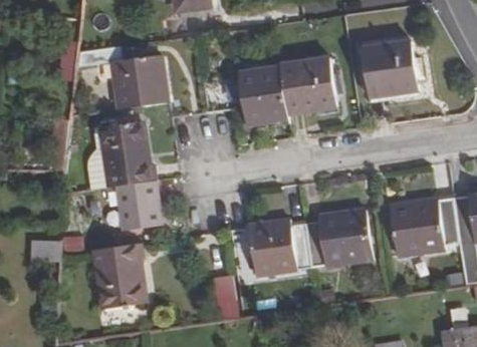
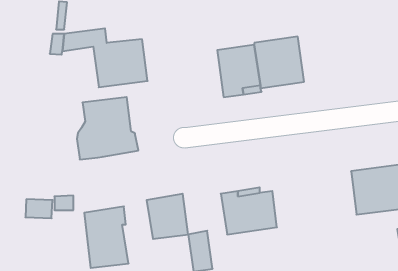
building: [363,43,421,99] -> none
building: [116,183,163,233] -> [147,194,188,239]
building: [305,215,374,269] -> none

